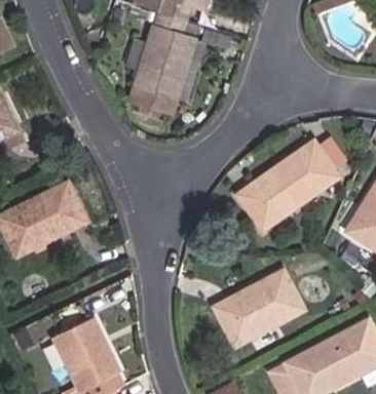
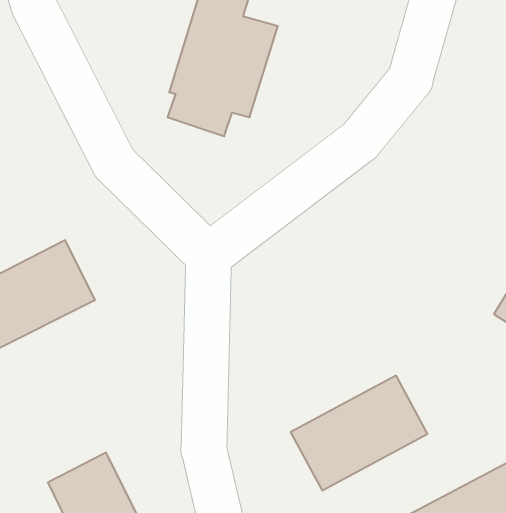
building: [237,141,338,229] -> none

